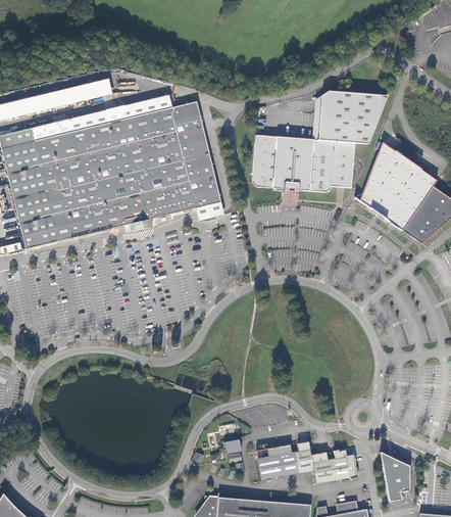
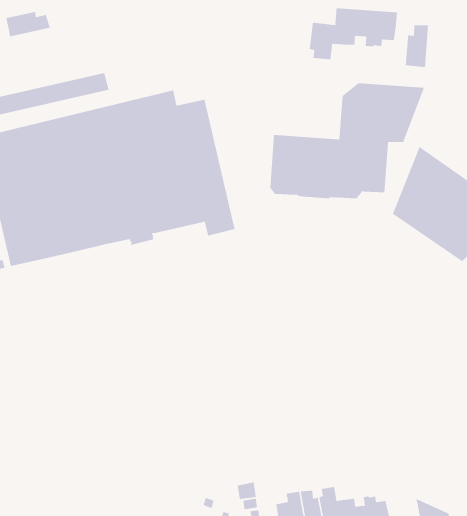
building: none -> [309,7,397,60]
building: none -> [6,11,50,37]
building: none -> [405,24,428,68]

